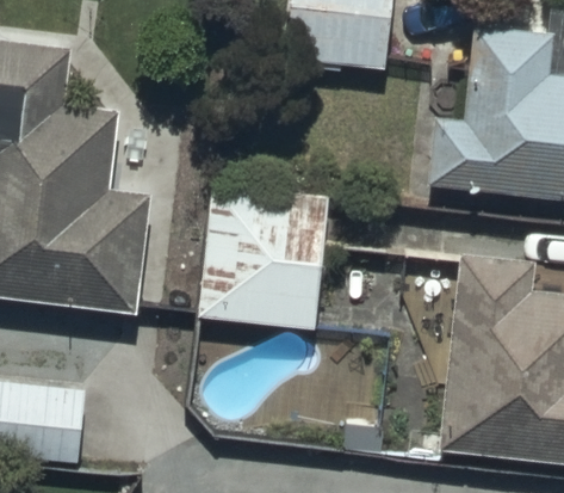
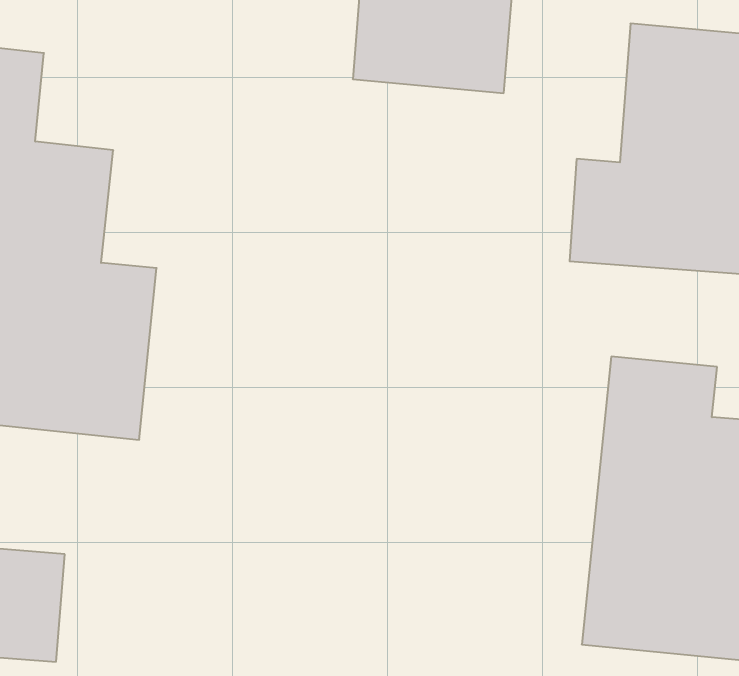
building: [203,189,331,332] -> none

